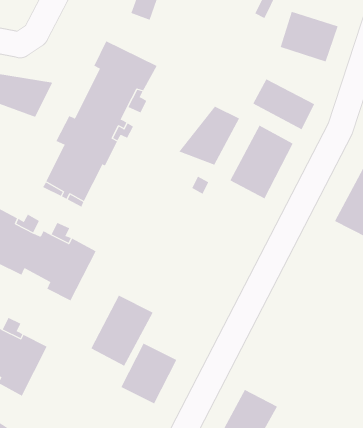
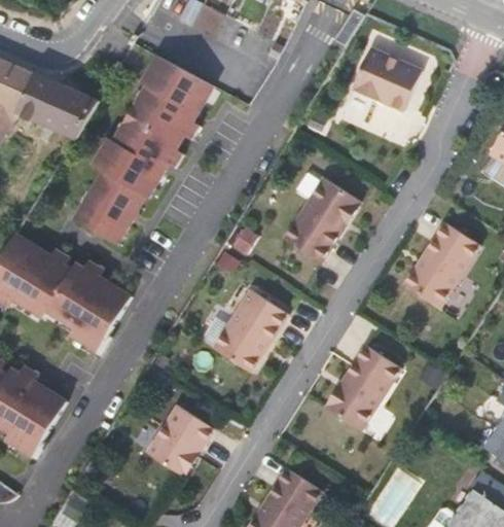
building: [253,79,315,130] -> none
building: [179,106,240,165] -> none
building: none -> [324,346,399,430]
building: [91,295,153,366] -> [215,285,290,367]

